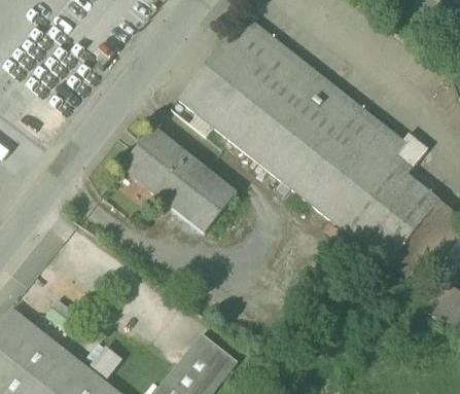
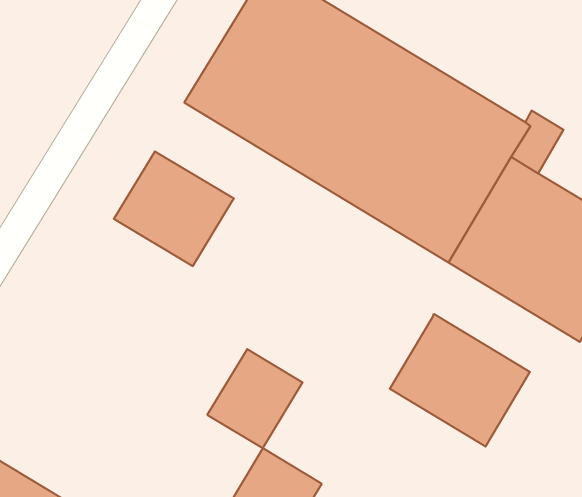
building: [170,166,236,232] -> [207,349,303,448]
building: none -> [390,314,530,447]

